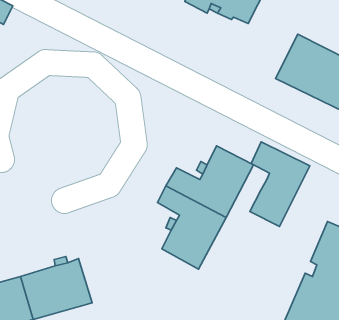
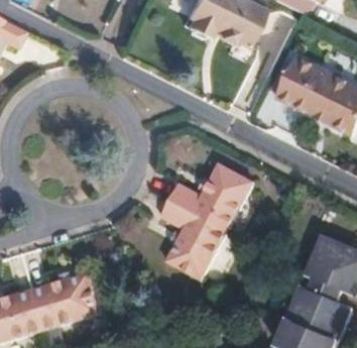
building: [250,142,310,227] -> none

